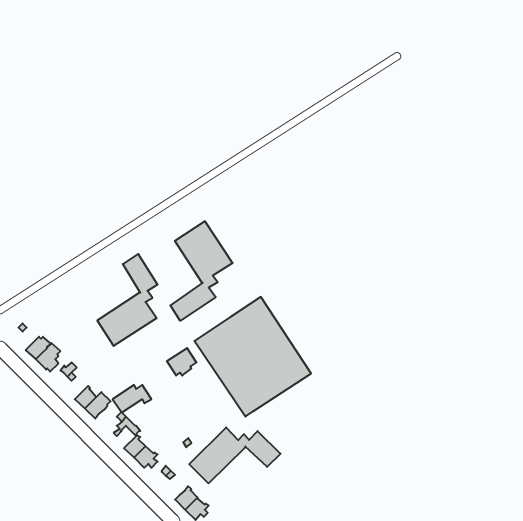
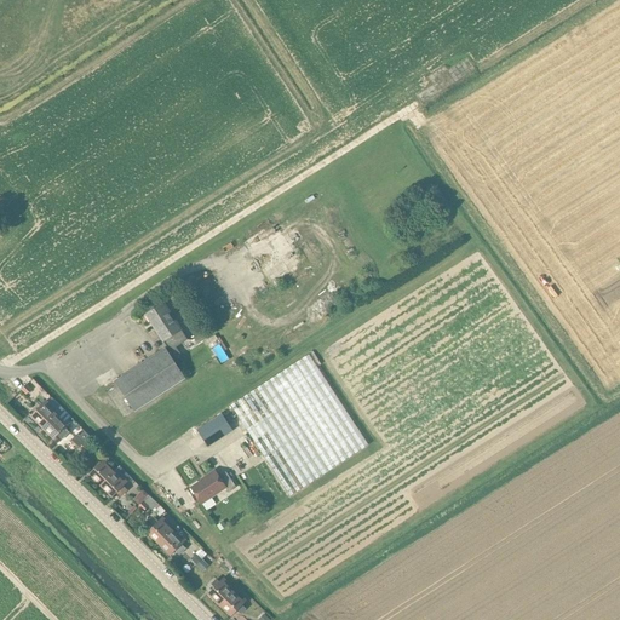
building: [170,221,233,321] -> none
building: [113,385,151,413] -> [190,469,236,501]
building: [189,427,281,483] -> none

